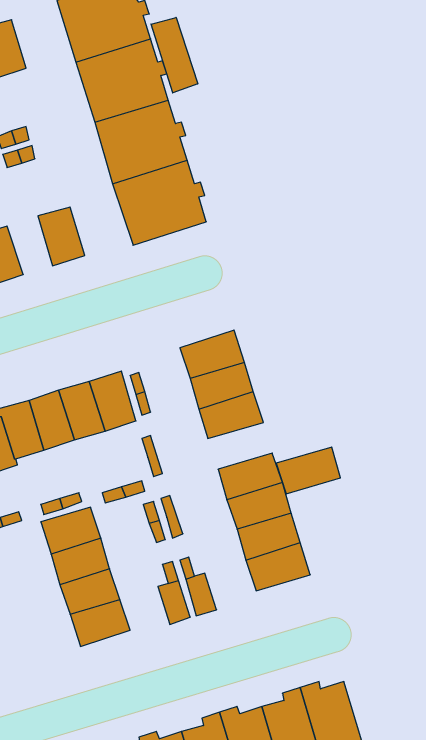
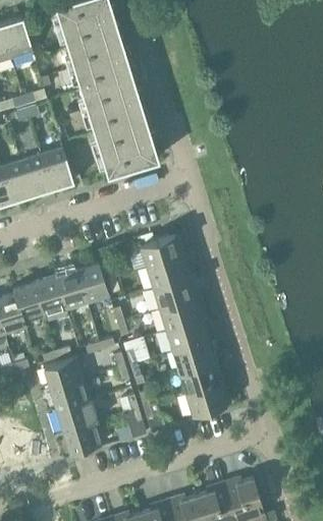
building: [151,17,198,93] -> none
building: none -> [18,156,50,196]
building: [276,447,340,494] -> [158,299,203,332]

